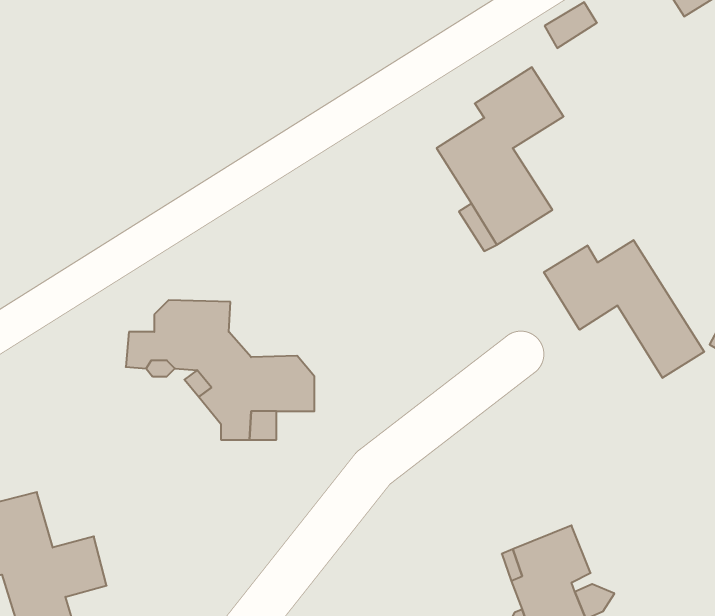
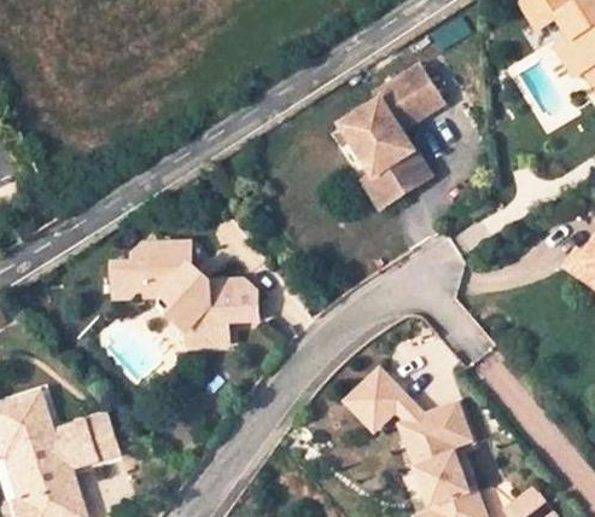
building: [544,240,704,378] -> none
building: none -> [354,372,413,431]

